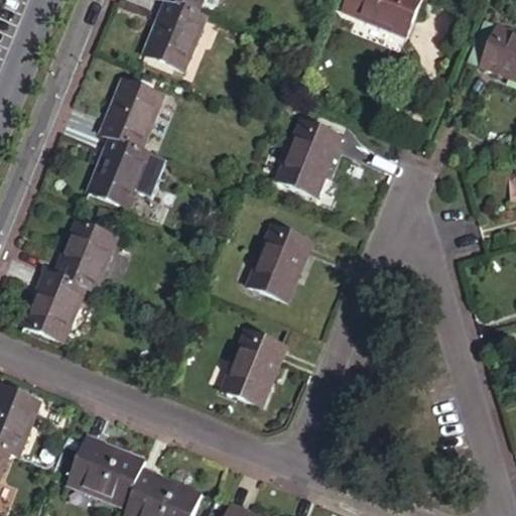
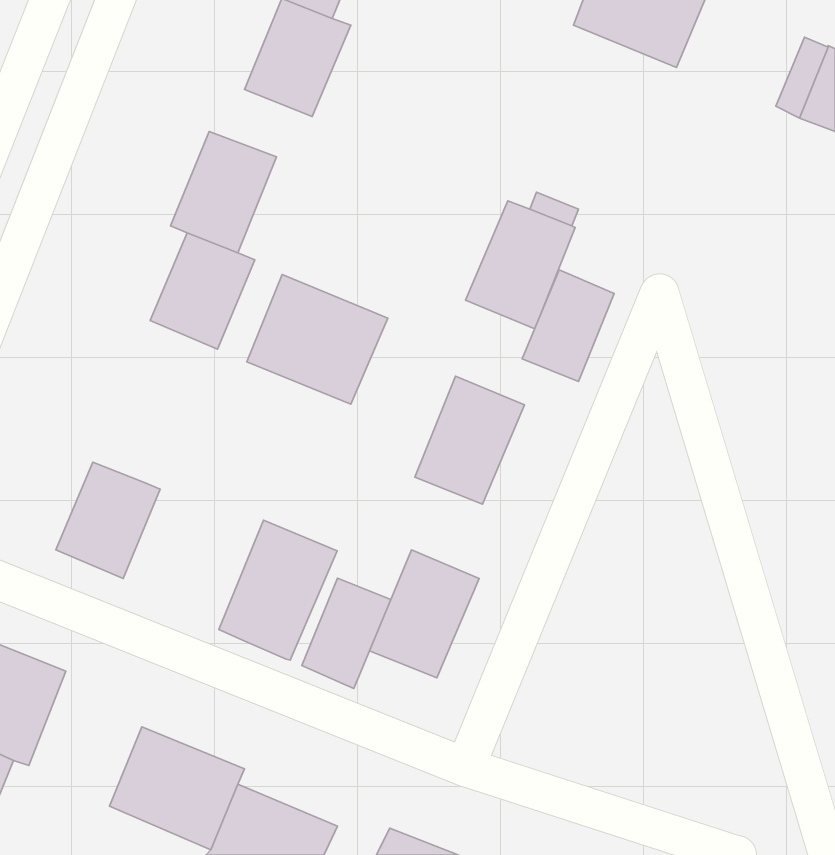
building: none -> [522,270,614,381]
building: none -> [247,274,388,404]
building: [45,217,108,288] -> none
building: none -> [219,520,337,660]
building: none -> [302,578,391,688]

